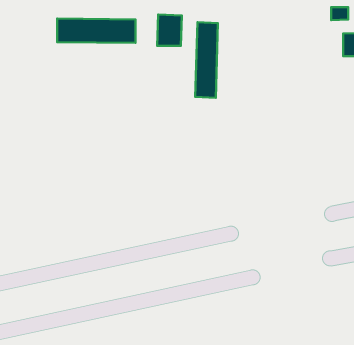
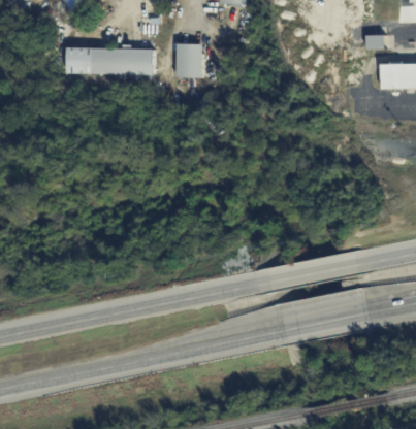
building: [195,22,218,98] -> none

